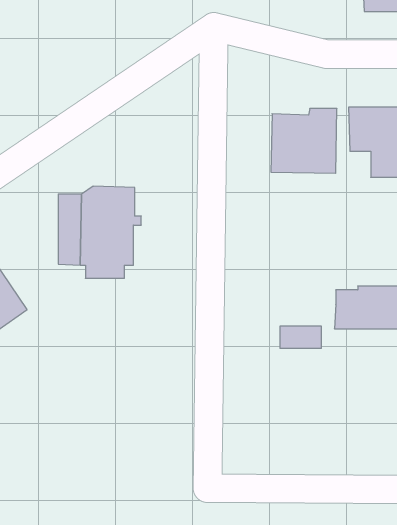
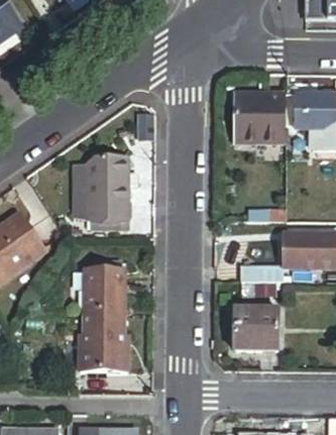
building: none -> [80,265,128,369]
building: none -> [234,307,278,349]

